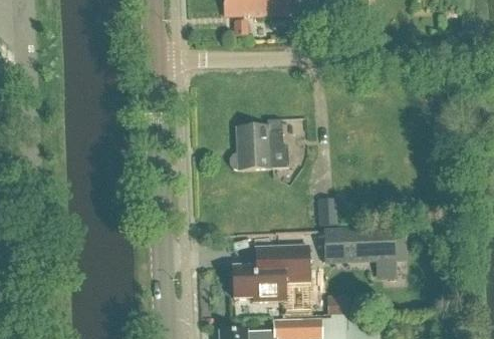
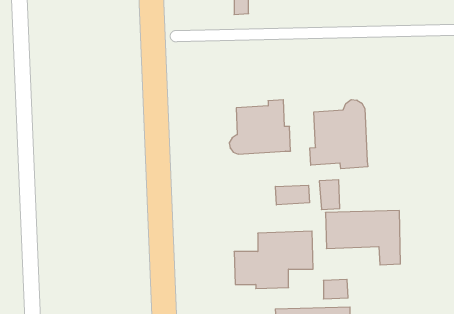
building: none -> [310,100,368,169]
building: none -> [275,185,309,205]

